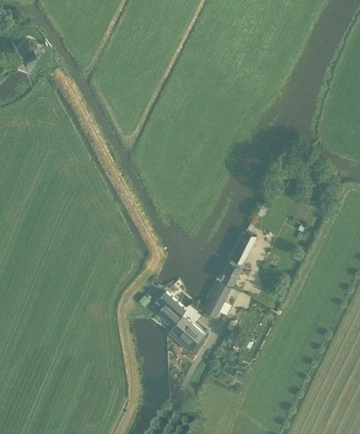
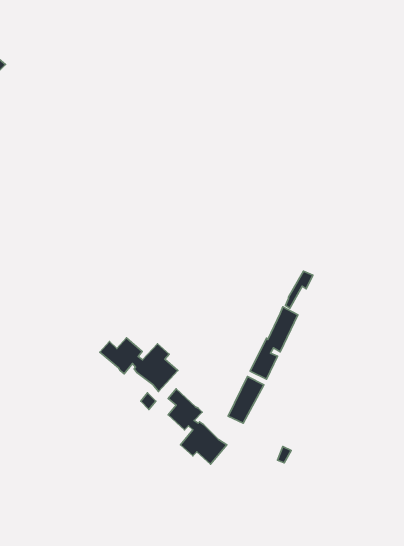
building: none -> [100,338,178,392]

